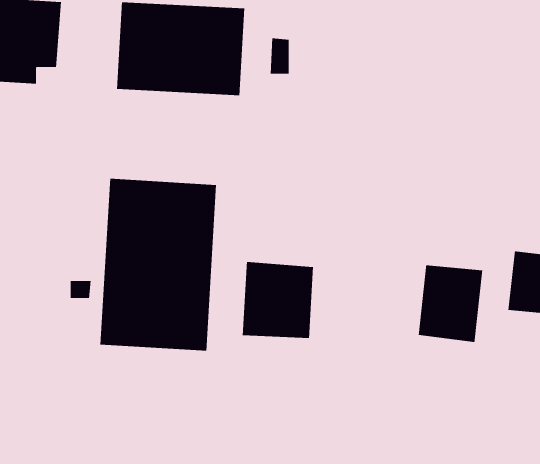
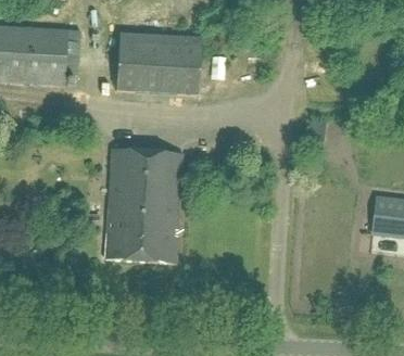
building: [242,261,314,339] -> none
building: [418,264,483,343] -> none

